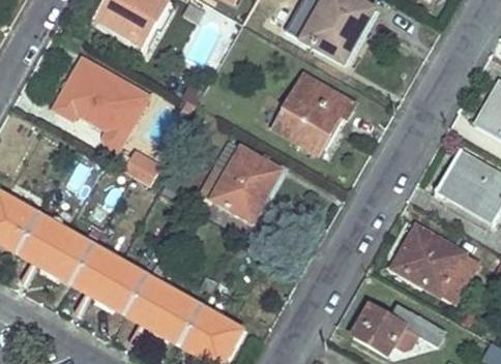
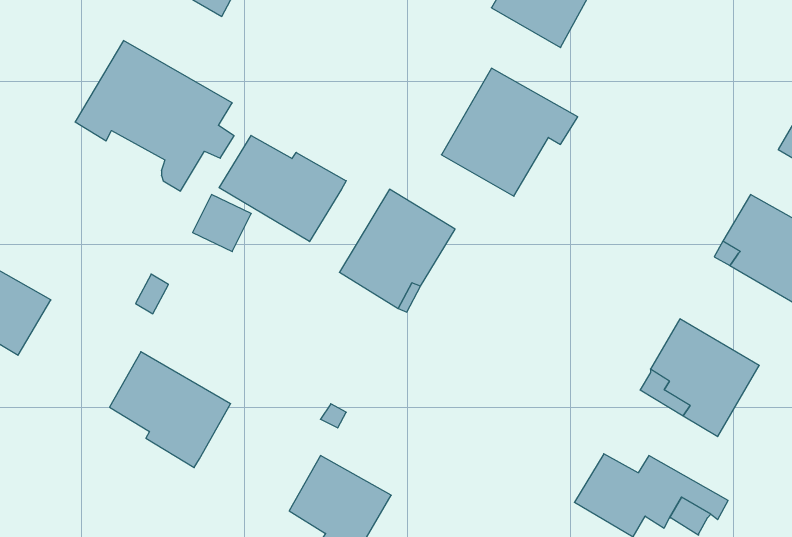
building: none -> [219,135,346,242]
building: [19,213,92,282] -> none
building: [127,275,200,343] -> none

